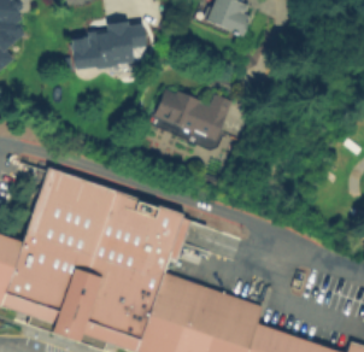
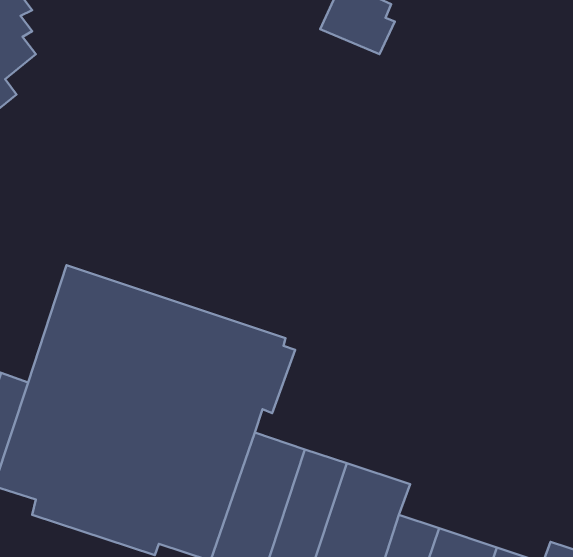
building: [71,19,147,72] -> none
building: [153,88,233,139] -> none

